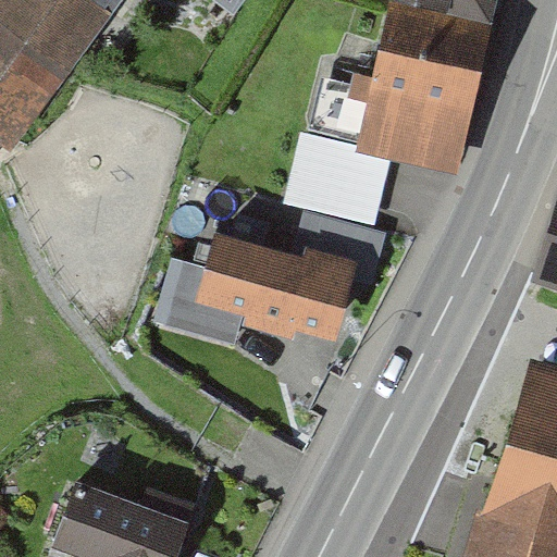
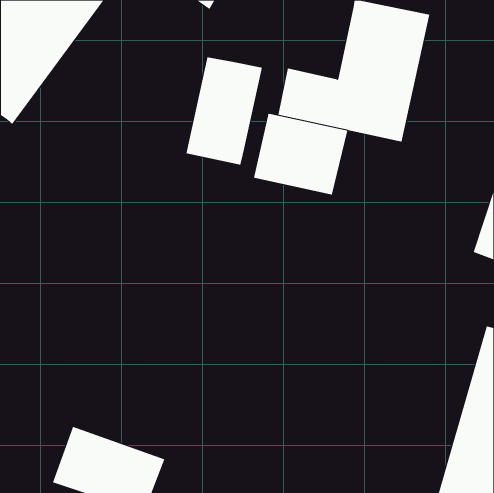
building: none -> [186,56,262,165]
building: [163,225,358,345] -> none

